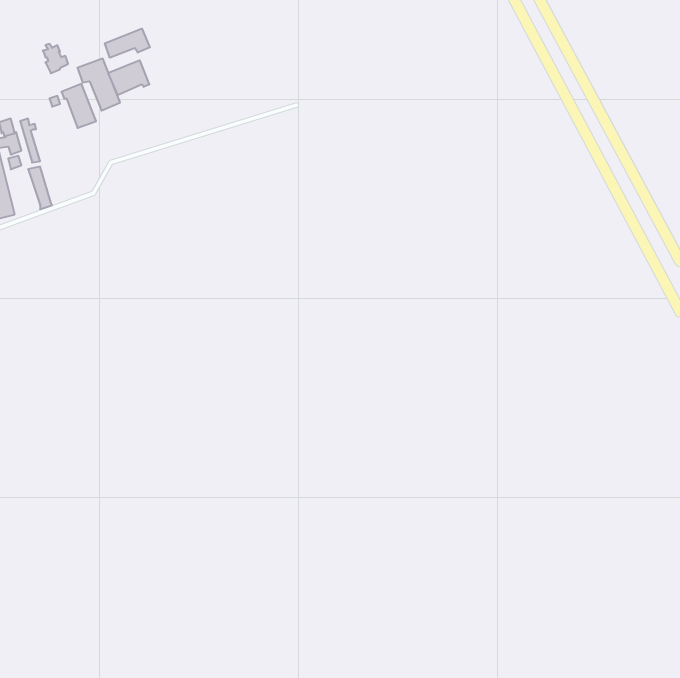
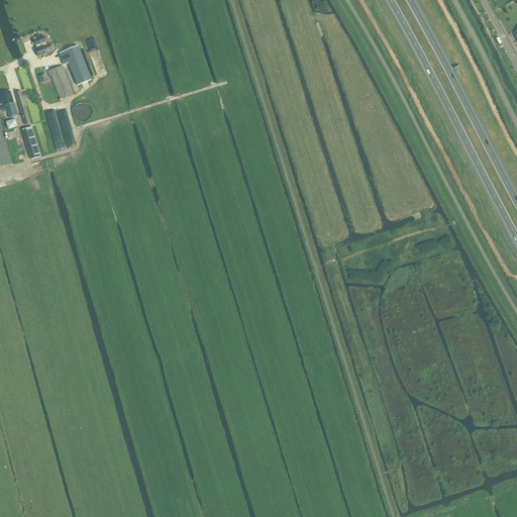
building: [105,29,150,58] -> none
building: [108,60,149,95] -> none

